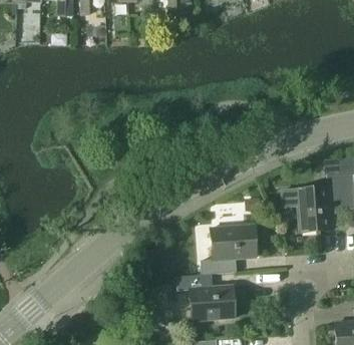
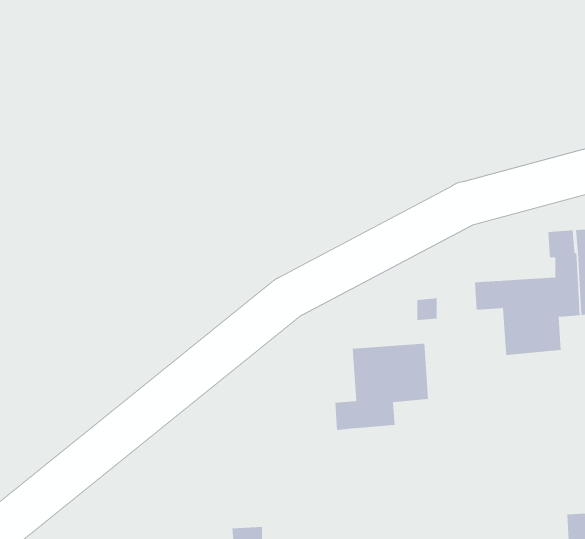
building: [178,272,236,319] -> none

